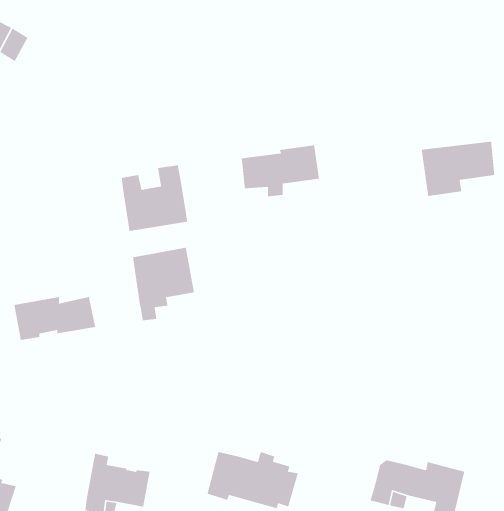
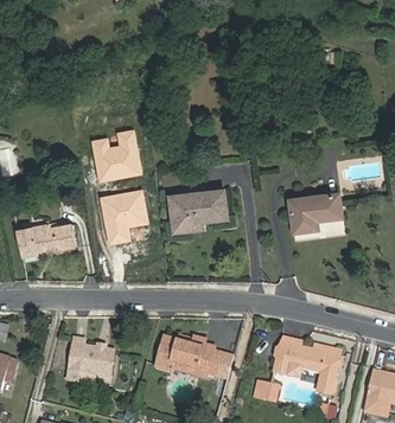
building: [421,141,495,197] -> [288,193,342,233]
building: [241,145,320,197] -> [172,191,229,229]

